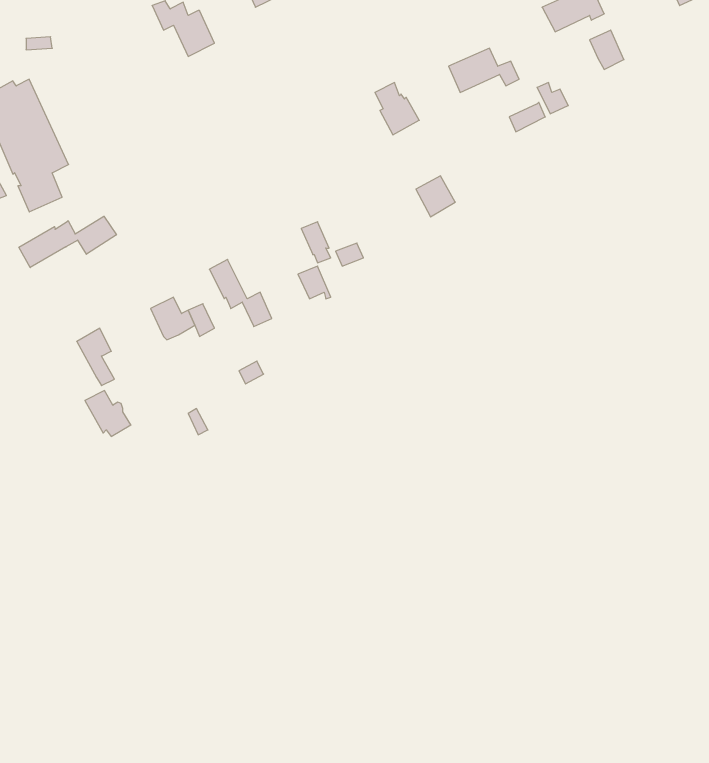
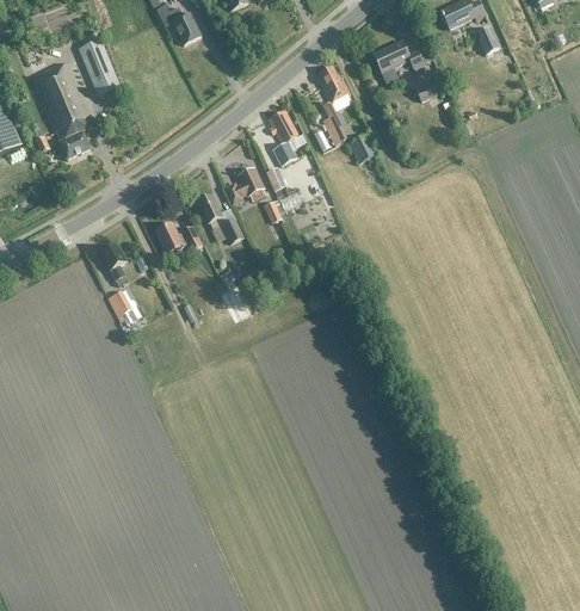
building: none -> [78,38,119,95]
building: none -> [321,106,353,143]
building: none -> [267,110,297,165]
building: [19,216,116,268] -> none
building: none -> [224,168,265,203]

